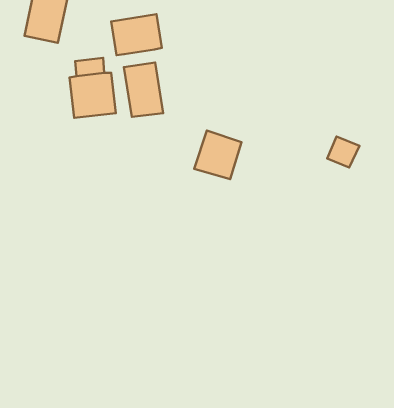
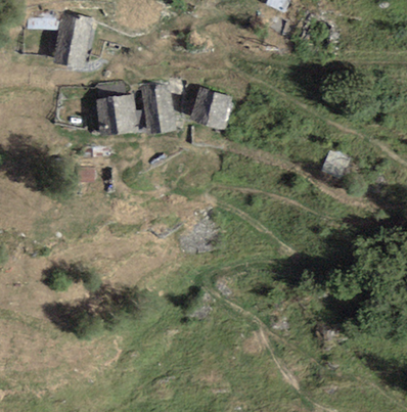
building: [111,14,162,55] -> none
building: [194,131,242,179] -> [190,87,232,130]

